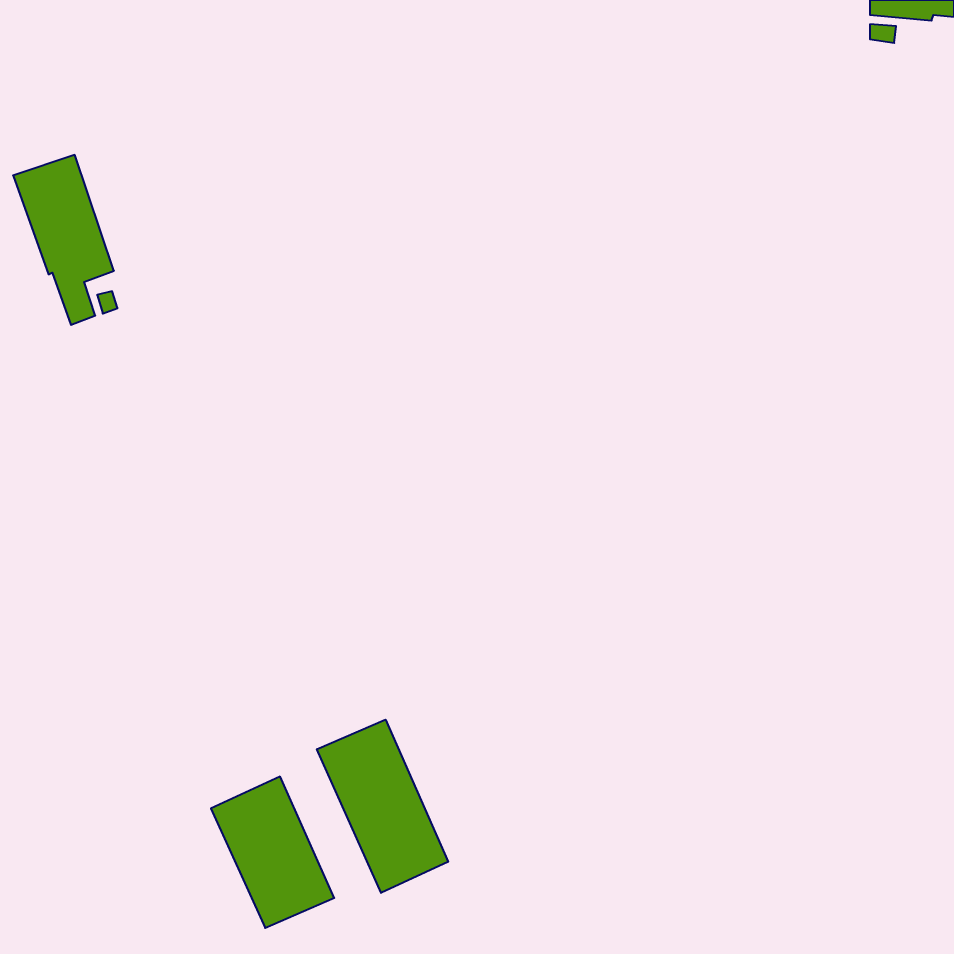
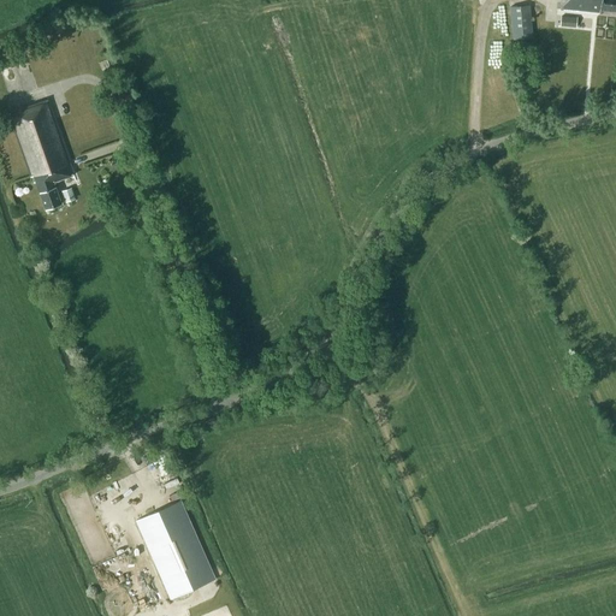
building: none -> [510,5,533,40]
building: [317,720,448,893] -> none

